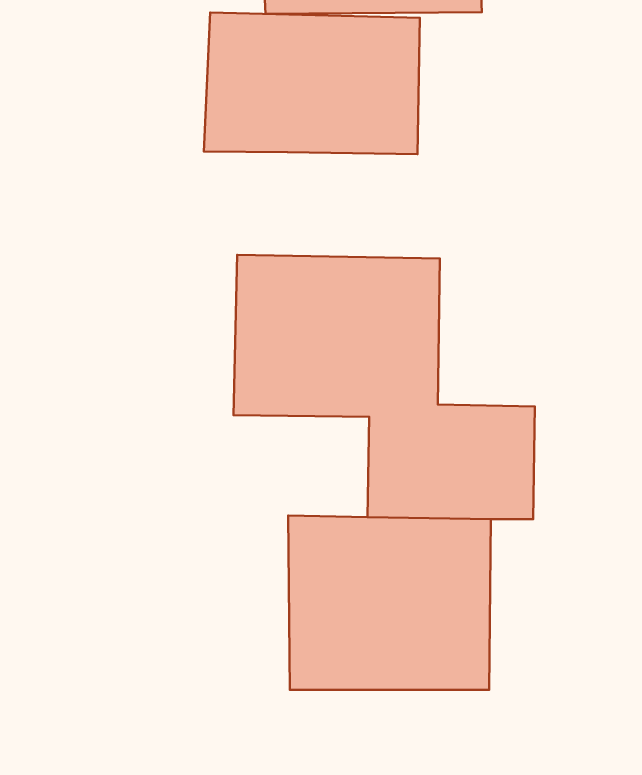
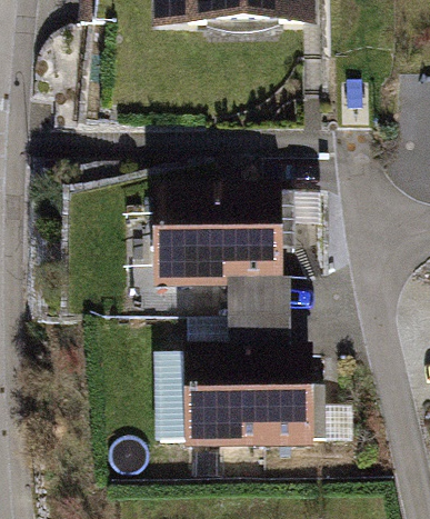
building: [204,12,420,154] -> none

